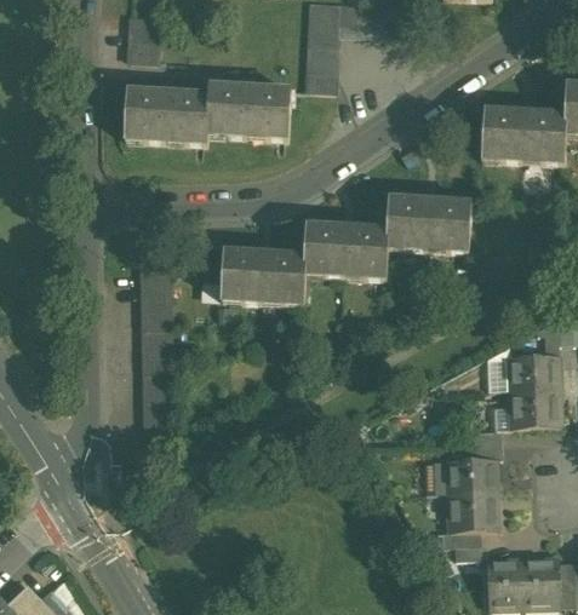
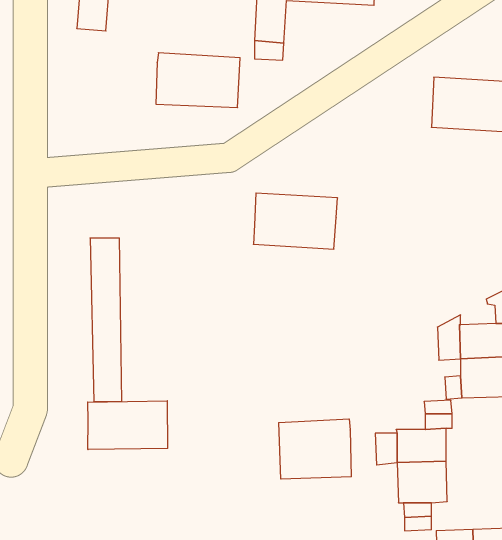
building: [125,88,208,144] -> none
building: [387,196,470,251] -> none
building: [221,249,305,304] -> none
building: none -> [88,401,168,450]
building: none -> [279,419,351,479]

